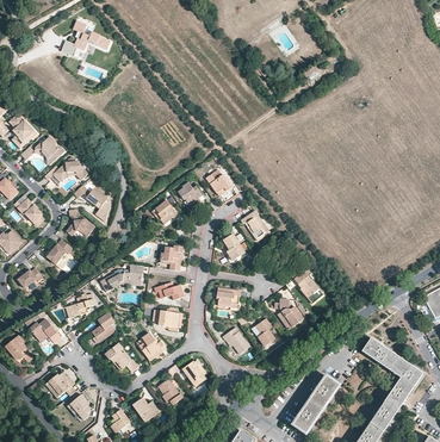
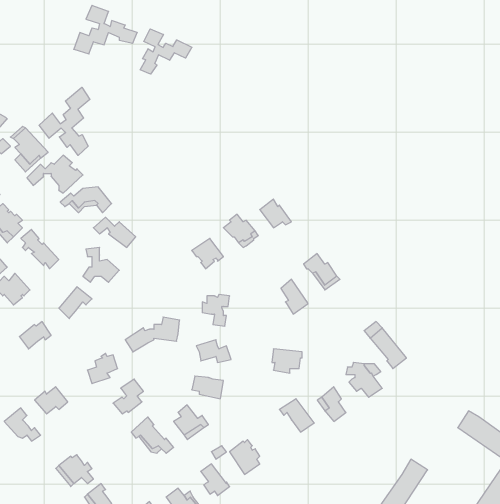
building: none -> [140,29,192,74]
building: none -> [39,87,90,155]

